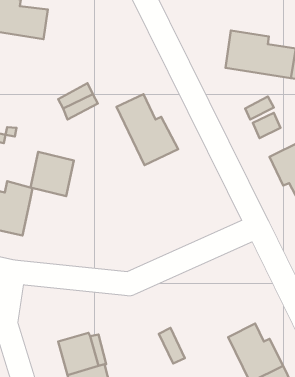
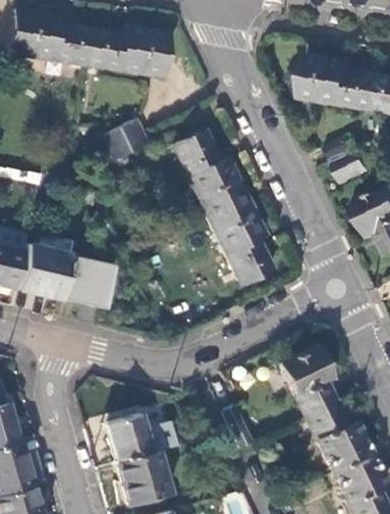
building: none -> [88,28,171,78]
building: none -> [208,197,275,286]
building: [31,152,74,196] -> [63,258,114,310]
building: none -> [281,347,340,421]

